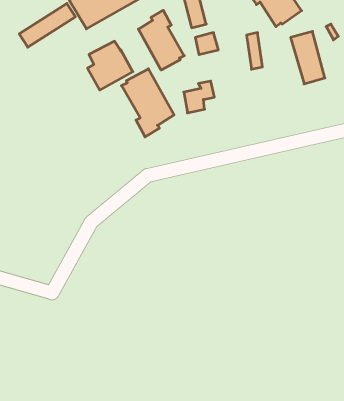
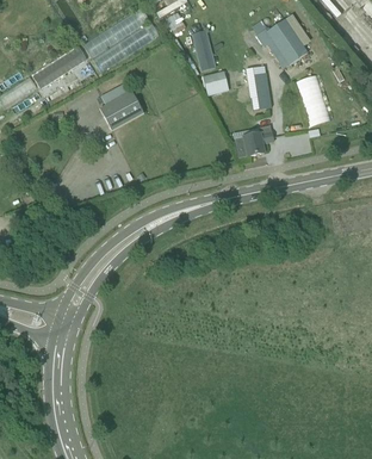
building: [138,10,184,70] -> none
building: [121,69,174,137] -> none
building: [184,81,214,113] -> [243,124,273,155]

